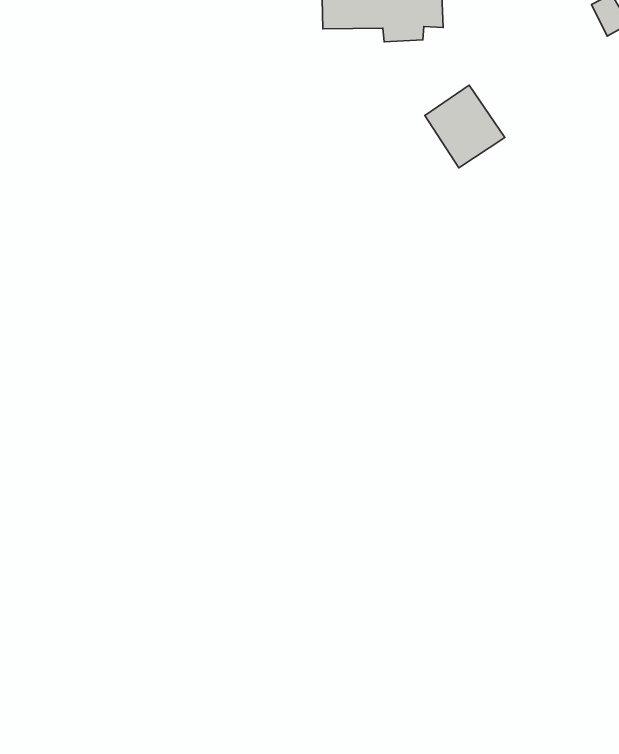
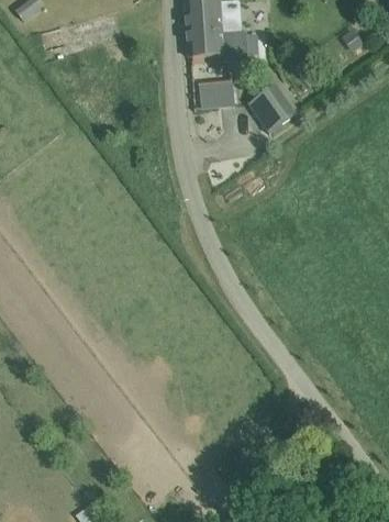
building: none -> [196,79,234,108]

